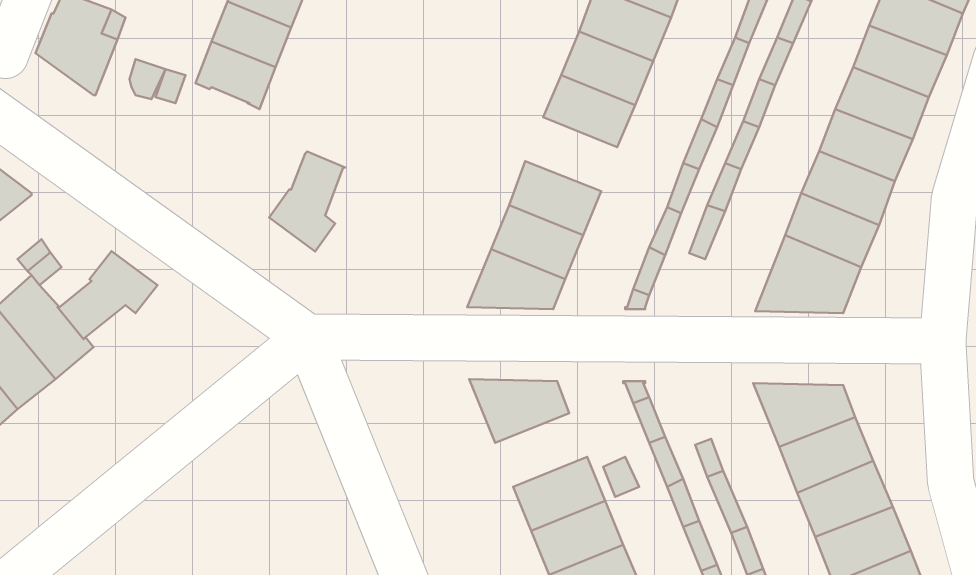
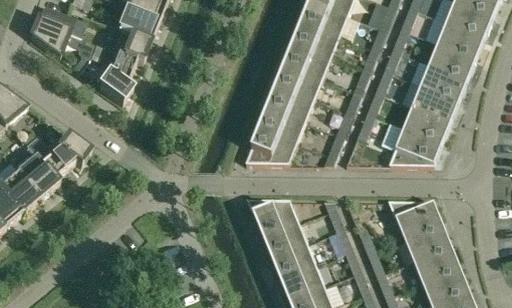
building: none -> [273,67,319,104]
building: [269,152,345,251] -> [97,52,135,102]
building: none -> [258,215,304,252]

